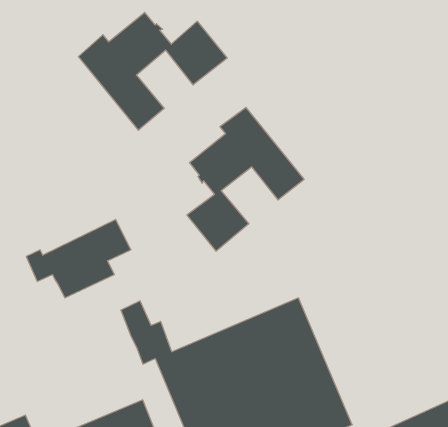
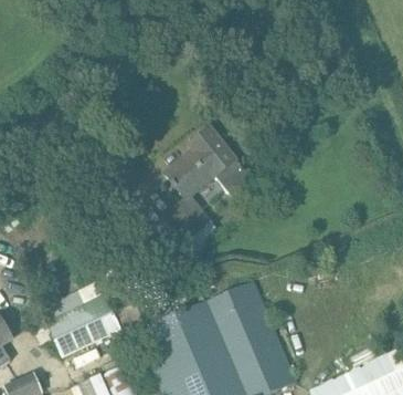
building: [78,12,227,130] -> none
building: [26,219,131,298] -> [31,292,115,355]

